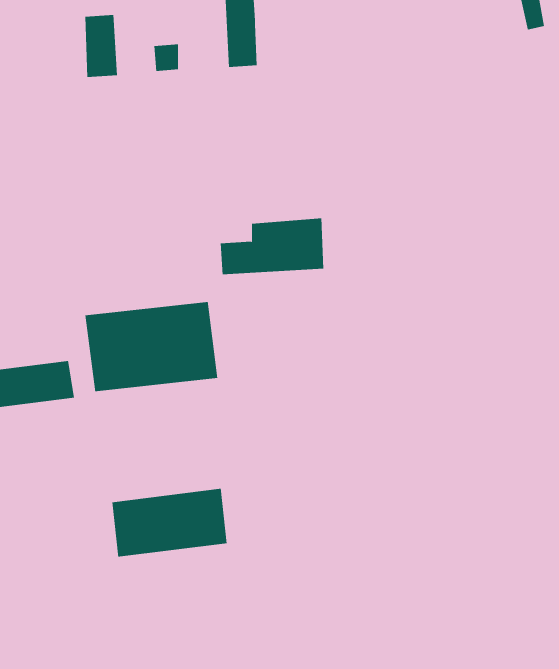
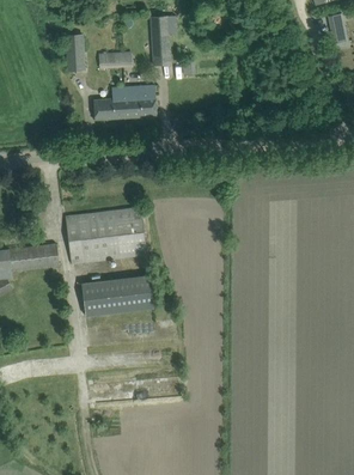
building: [220,218,324,275] -> [92,84,155,118]
building: [111,488,228,557] -> [81,274,152,316]

